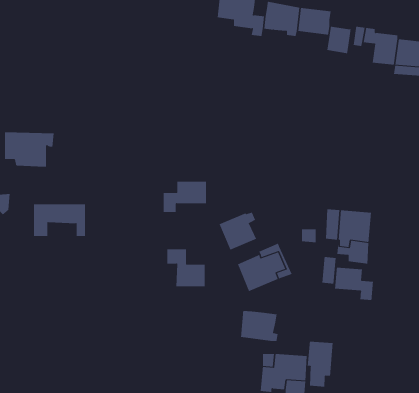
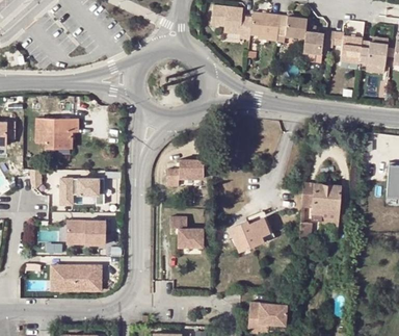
building: [219,212,257,251] -> none
building: none -> [66,221,105,244]
building: [335,267,373,301] -> none
building: none -> [58,264,101,290]
building: [241,310,278,342] -> none
building: [307,341,333,387] -> none

